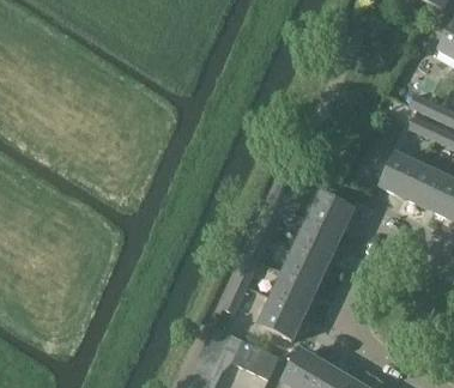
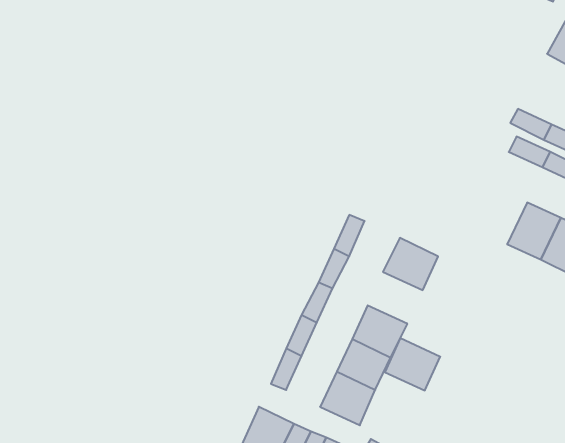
building: [381,152,423,198] -> none
building: [298,219,341,260] -> [385,338,440,390]

